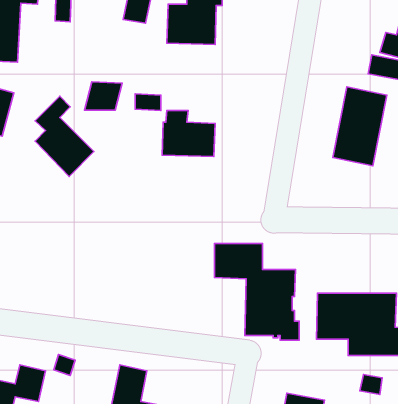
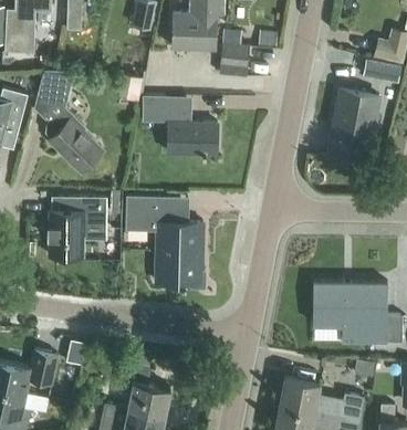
building: none -> [220,30,250,67]
building: [85,82,122,110] -> [39,71,74,97]
building: none -> [49,198,107,258]
building: [214,243,299,340] -> [127,198,207,289]

